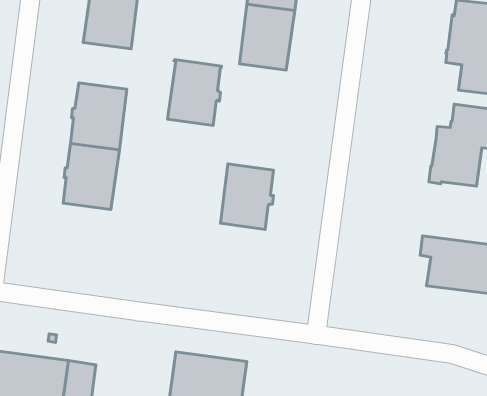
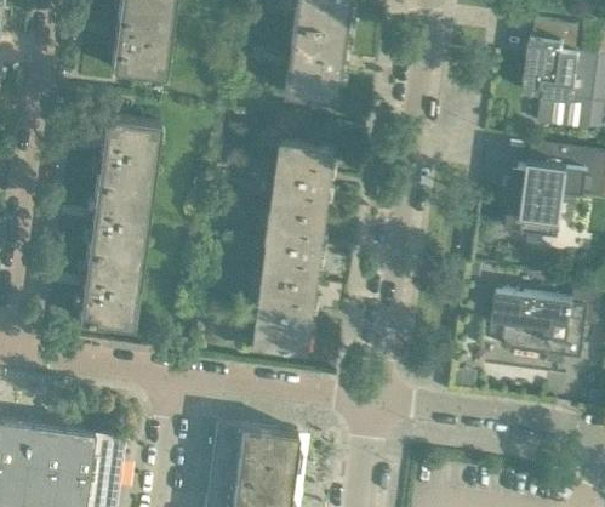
building: [167,60,222,126] -> [274,141,336,216]
building: none -> [76,254,141,329]
building: none -> [255,277,318,352]

